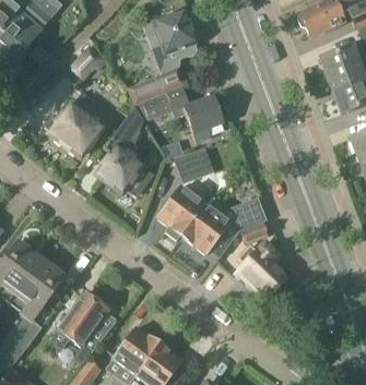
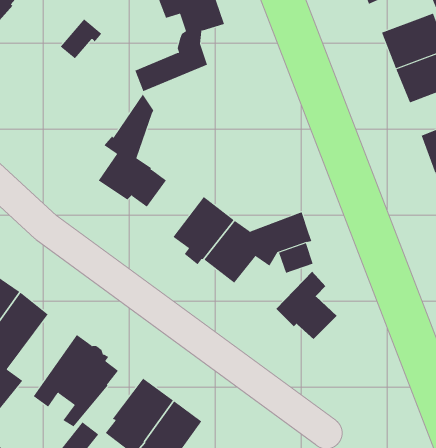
building: [144,86,224,143] -> none
building: [46,98,108,155] -> none
building: [174,148,213,183] -> none

